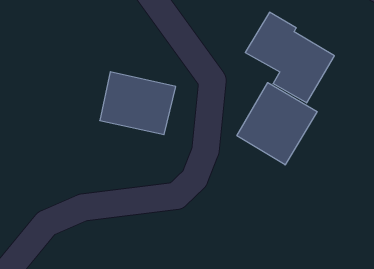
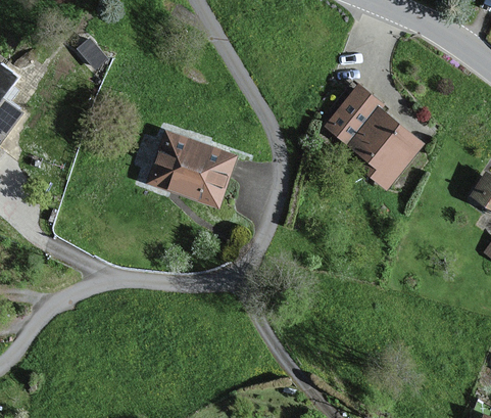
building: [237,83,317,165] -> none

